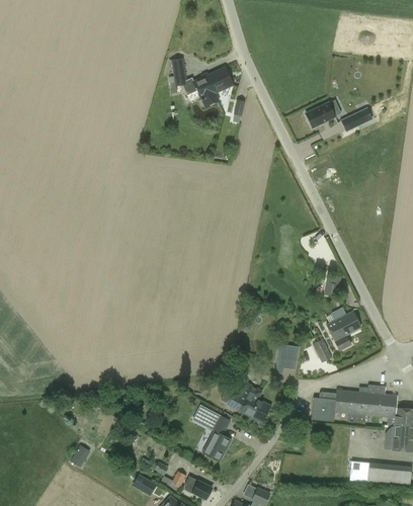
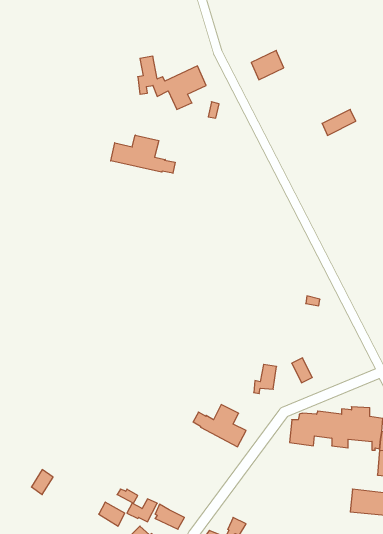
building: [305,101,335,129] -> [251,50,284,80]
building: none -> [111,135,175,173]
building: [325,308,360,350] -> none
building: [197,414,231,461] -> none

